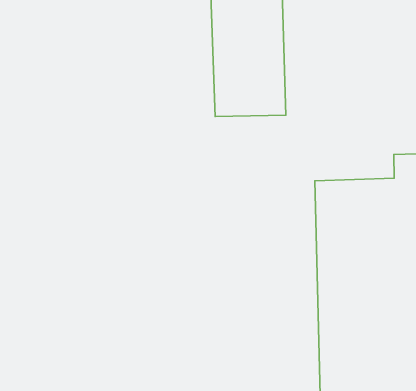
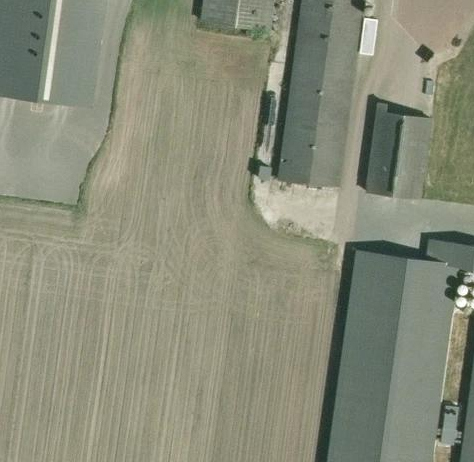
building: none -> [365,102,432,200]

